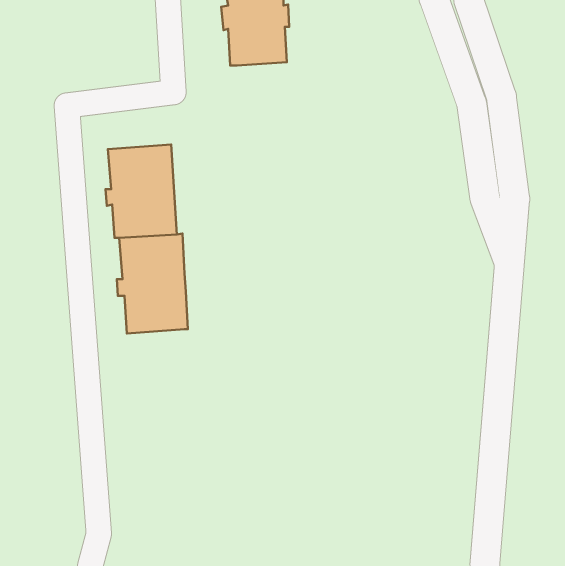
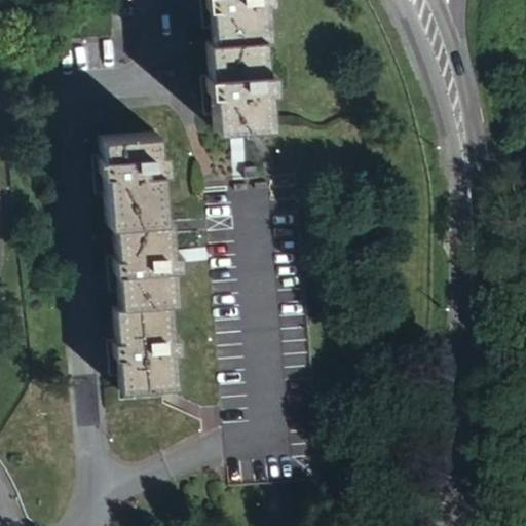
building: none -> [216,58,276,125]
building: none -> [116,304,180,390]

